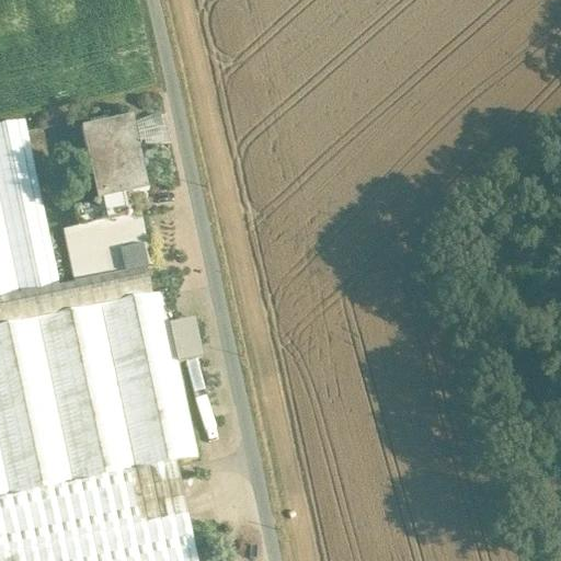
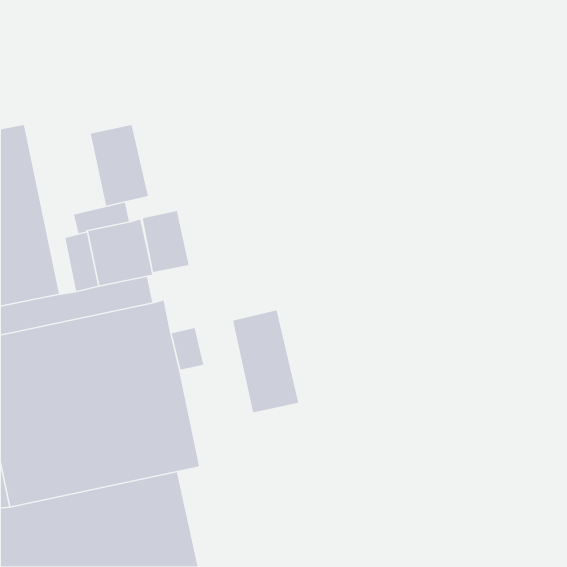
building: none -> [142,210,190,273]
building: none -> [232,310,299,413]

